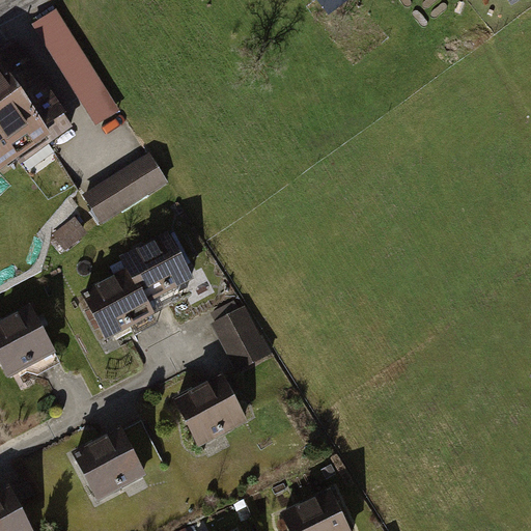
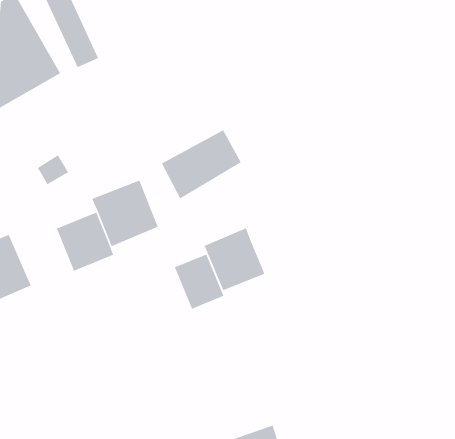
building: [80,150,167,230] -> [161,129,242,200]
building: none -> [204,227,266,291]
building: [174,376,245,448] -> none
building: [71,429,141,501] -> none

